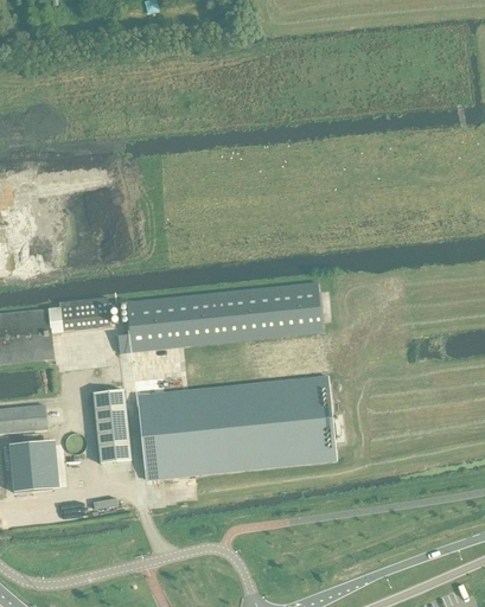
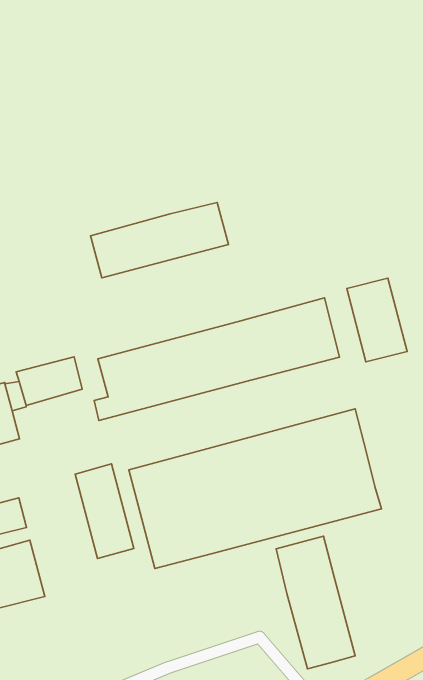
building: none -> [90,202,229,278]
building: none -> [347,278,407,362]
building: none -> [276,536,355,669]

